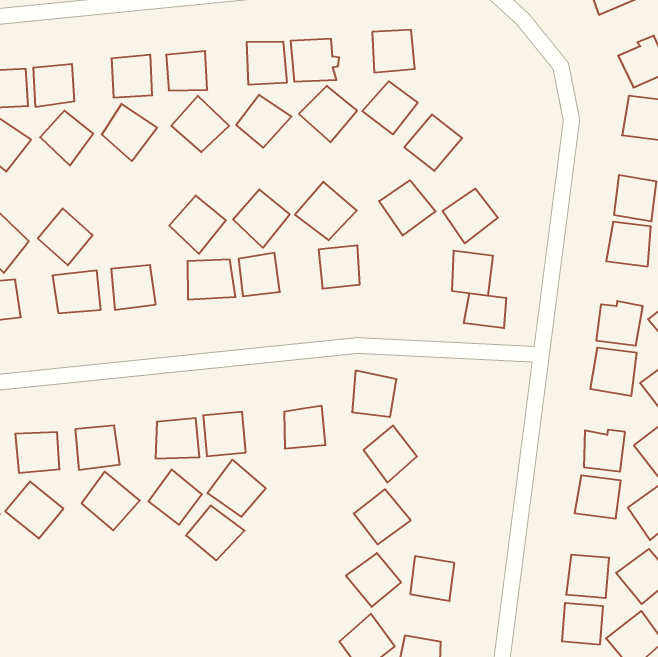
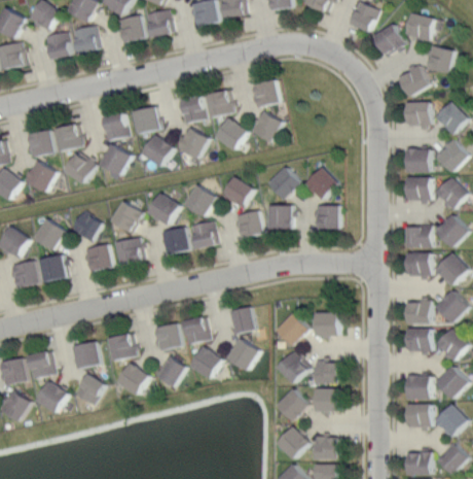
building: [404,114,462,171] -> none
building: none -> [109,201,143,234]
building: none -> [266,204,292,228]
building: [464,293,506,328] -> none
building: [352,371,397,417] -> [314,310,338,335]
building: [186,505,245,560] -> [226,338,260,370]
building: none -> [314,361,338,383]

